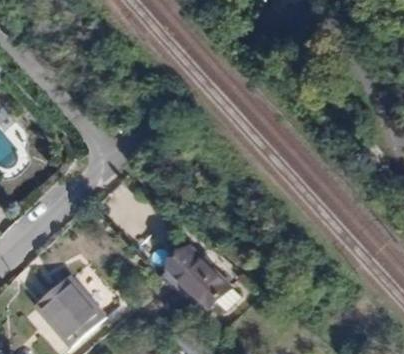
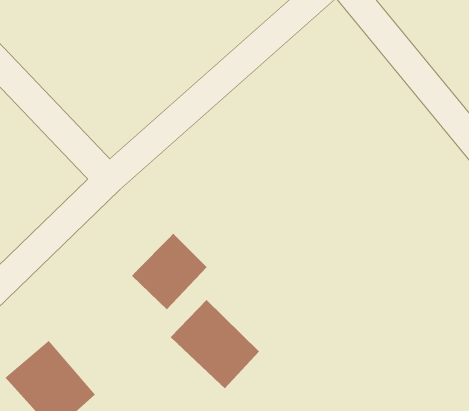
building: none -> [131,233,207,310]

